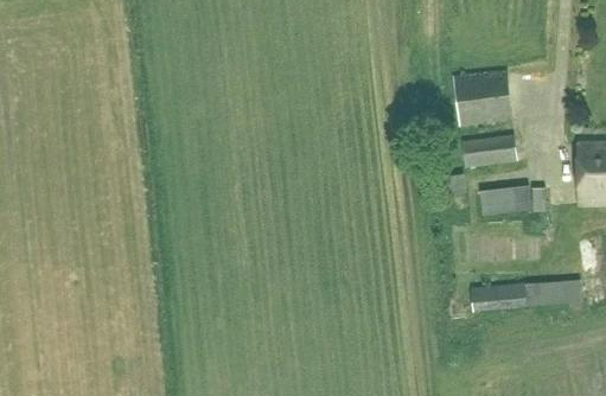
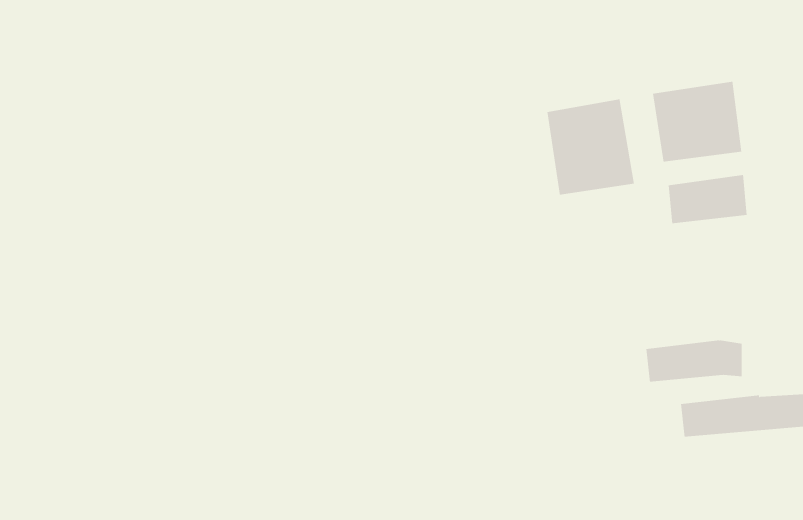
building: none -> [547,99,634,196]
building: [479,185,544,213] -> [646,340,743,382]

